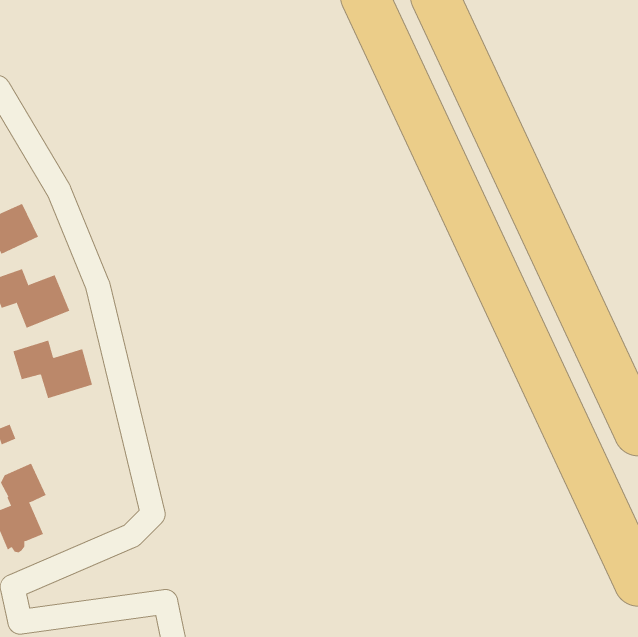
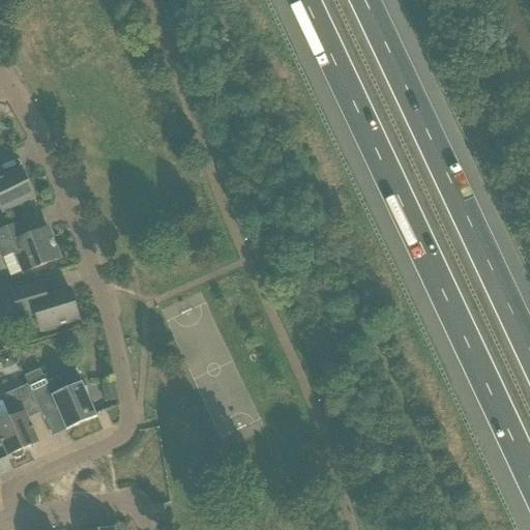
building: none -> [23,366,95,424]

